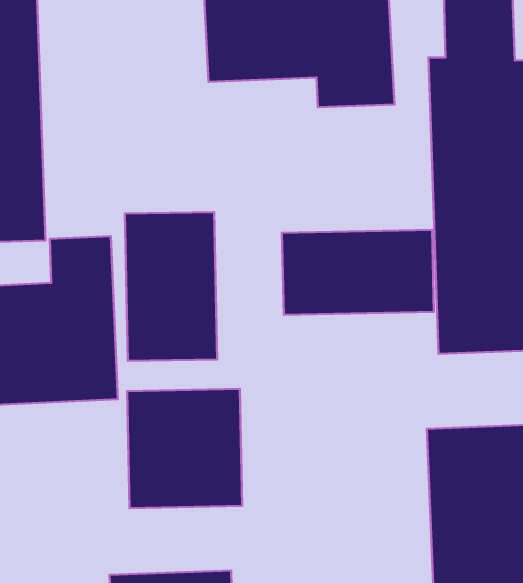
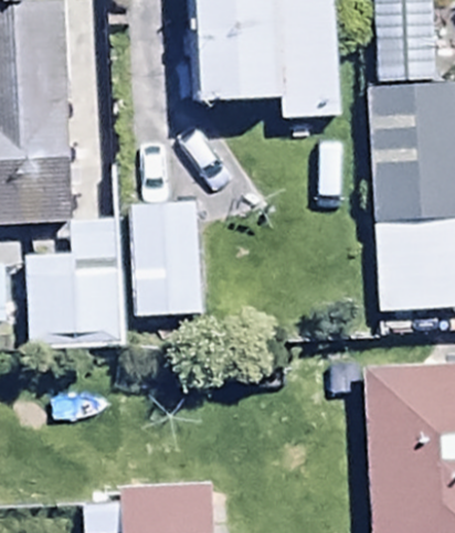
building: [282,230,434,315] -> none
building: [127,389,242,508] -> none

